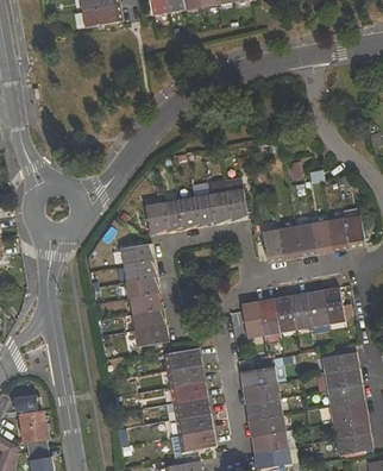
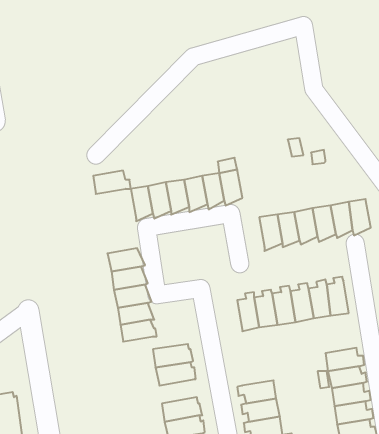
building: [120,244,155,265] -> [93,171,131,194]
building: [239,365,275,387] -> none
building: [170,381,207,403] -> none

